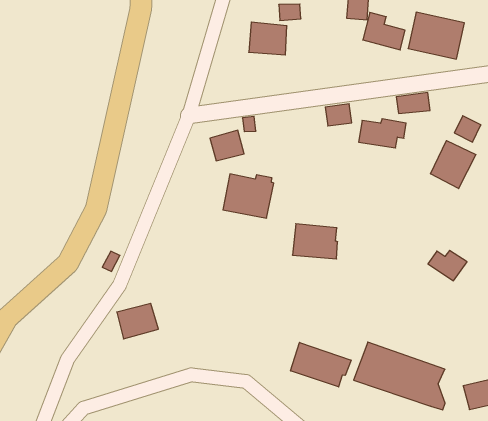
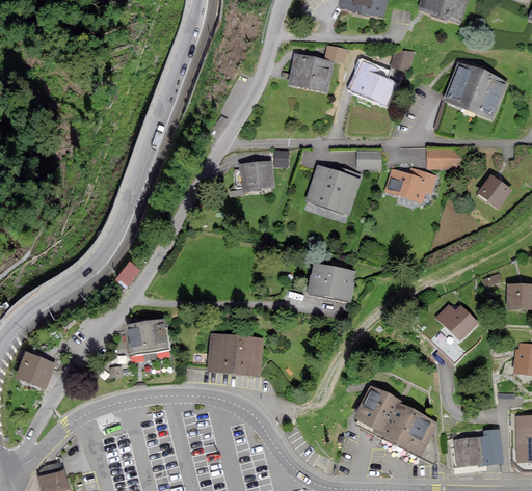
building: [363,12,405,50] -> [350,65,393,106]
building: [431,141,476,189] -> none
building: [223,174,274,218] -> [307,165,360,213]
building: none -> [209,334,260,372]
building: [291,342,351,387] -> none
building: none -> [18,353,53,386]

